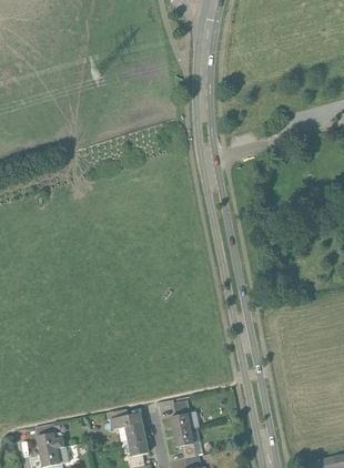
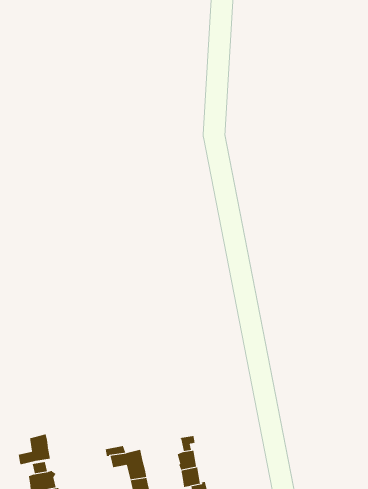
building: none -> [18,434,51,465]

